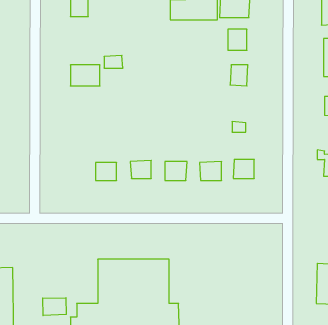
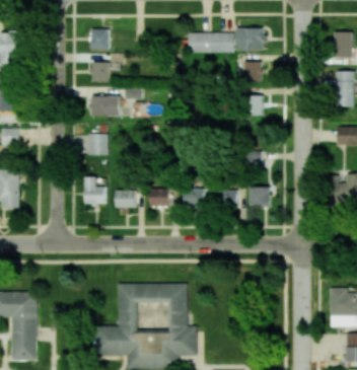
building: none -> [91,62,110,82]
building: none -> [88,134,108,155]
building: none -> [84,177,105,206]
building: [43,298,66,316] -> none

